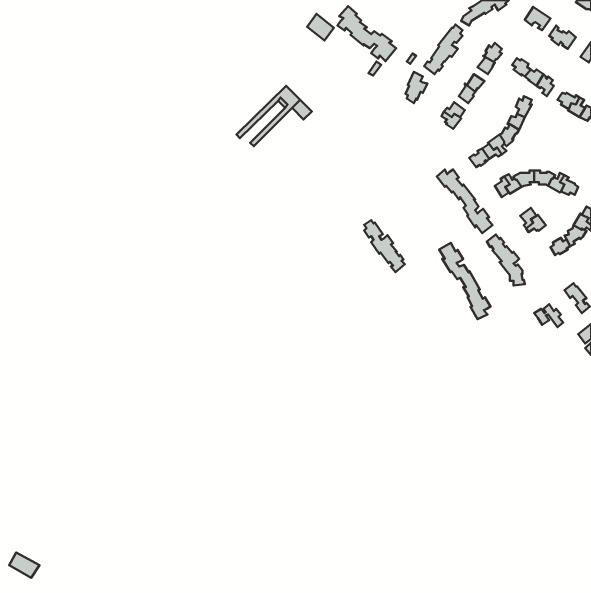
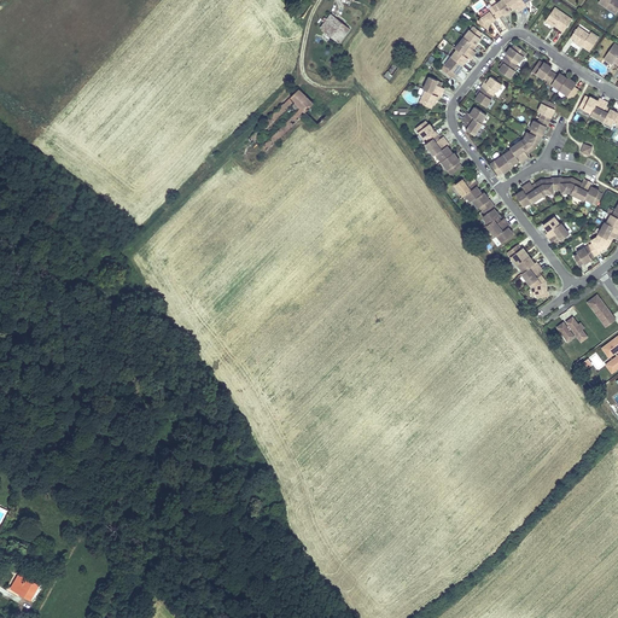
building: [337,6,396,61] -> none
building: [364,220,405,272] -> [419,119,461,174]
building: [439,243,491,319] -> none

